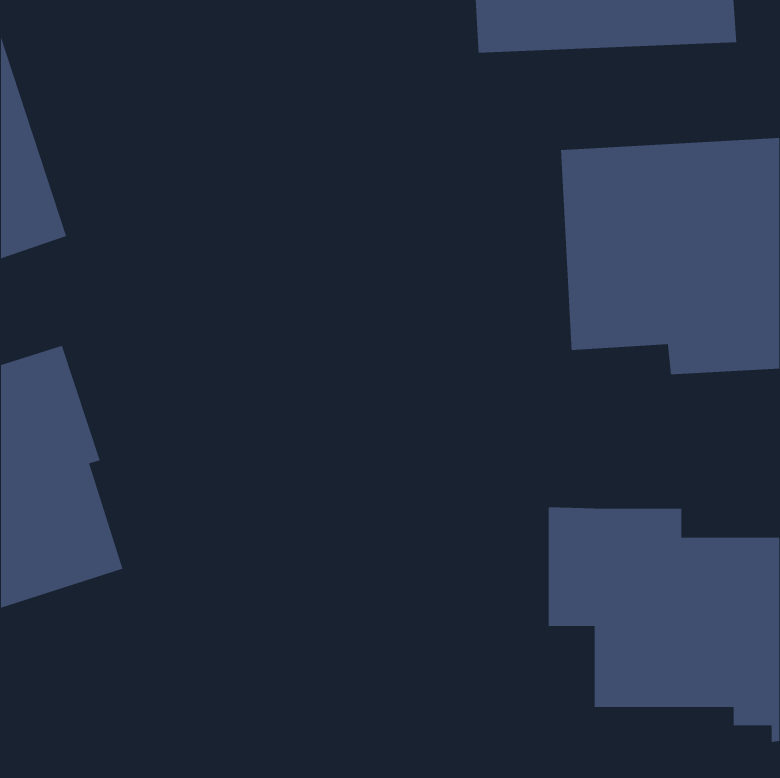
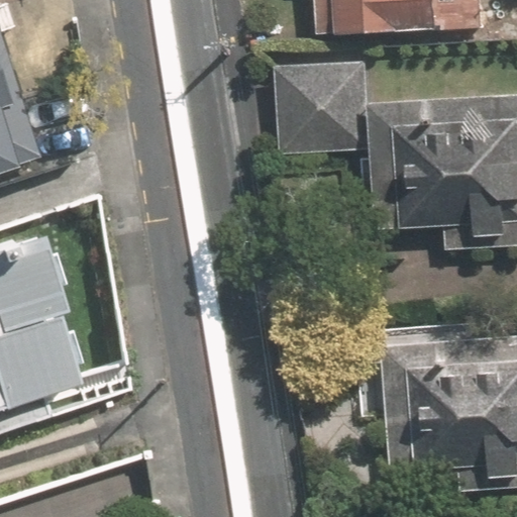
building: none -> [276,62,367,156]

